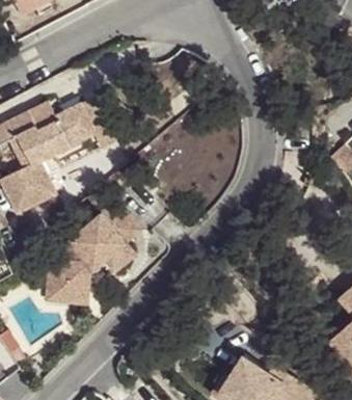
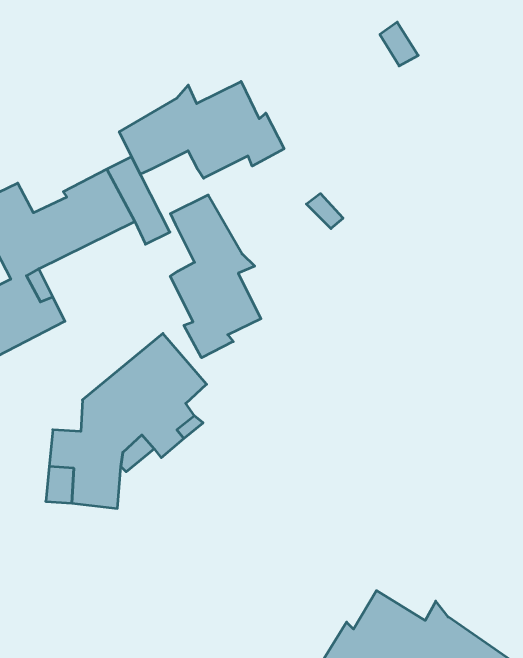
building: none -> [119,81,284,178]
building: none -> [170,195,261,358]

